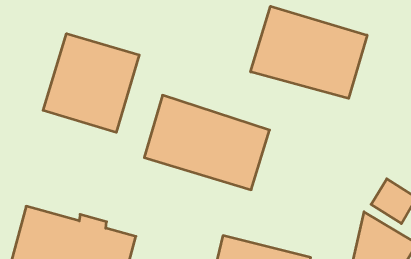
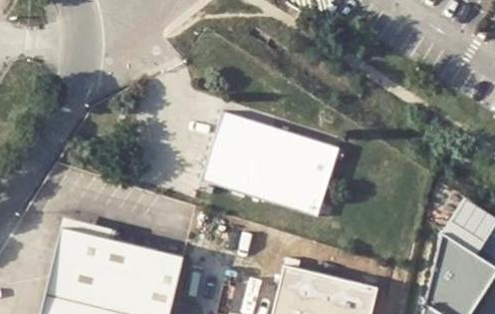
building: [251,6,367,98] -> none
building: [43,34,139,132] -> none

